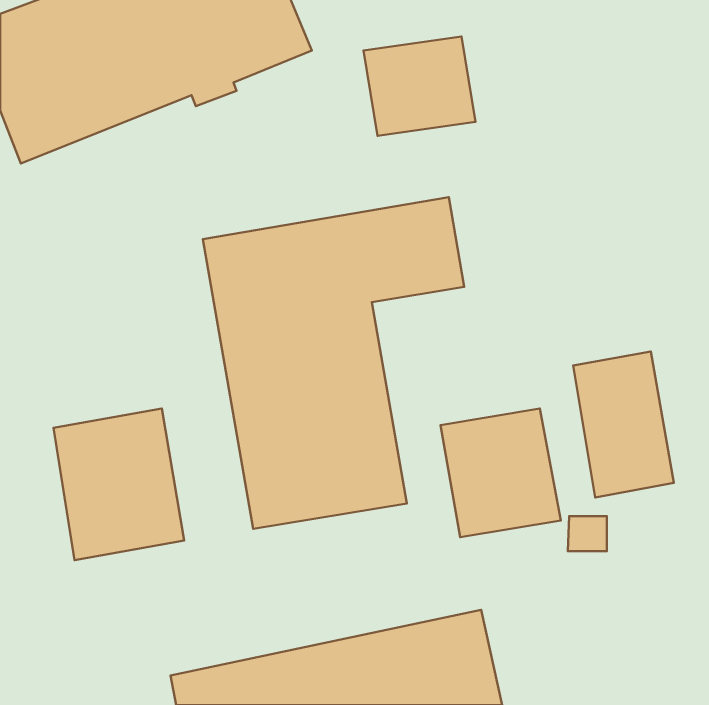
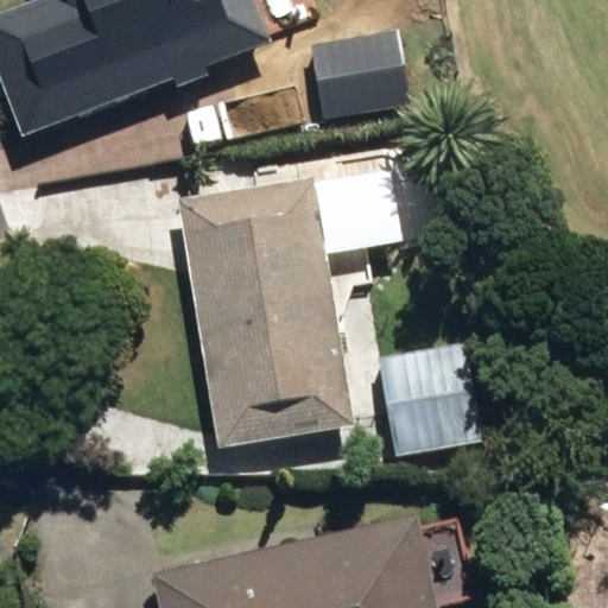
building: [573,351,674,498] -> none
building: [54,409,184,560] -> none

